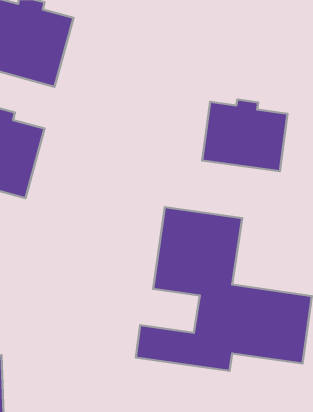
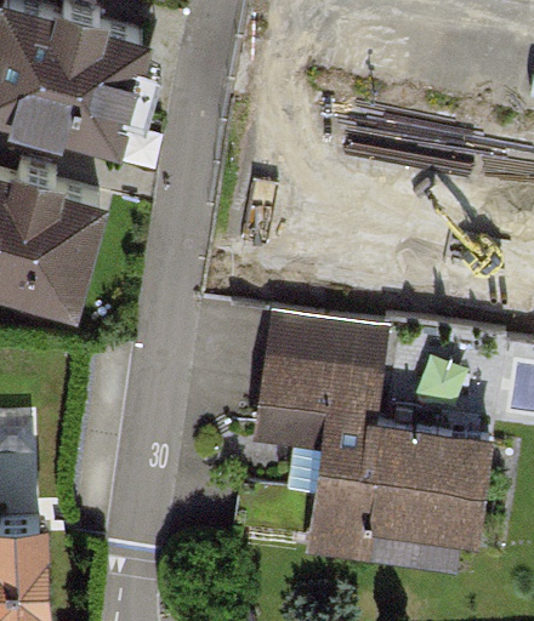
building: [202,99,288,171] -> none

